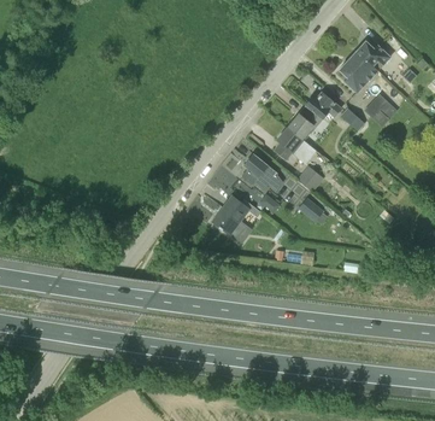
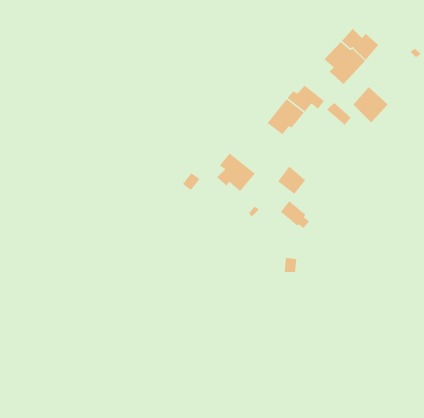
building: [272,127,315,163] -> none
building: [214,195,259,242] -> none

